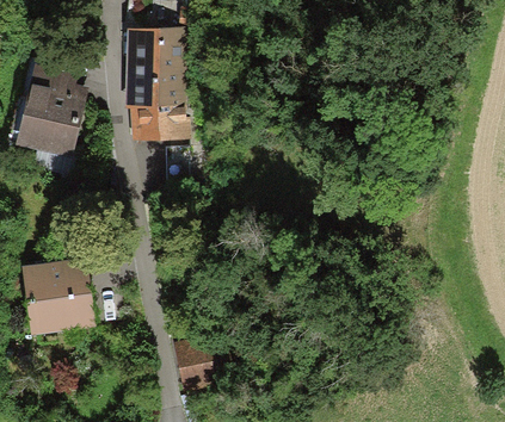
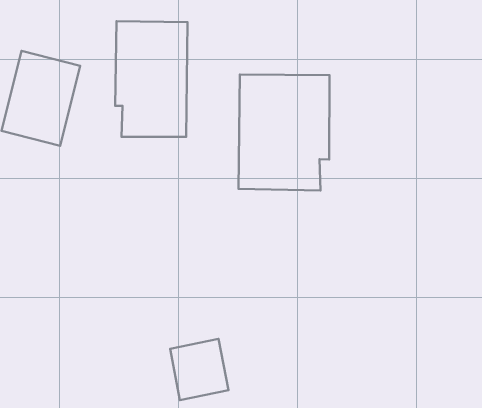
building: none -> [238,75,330,190]
building: [19,260,90,331] -> none

